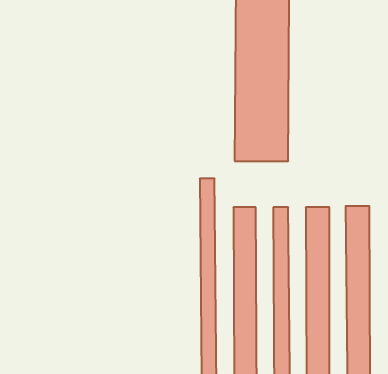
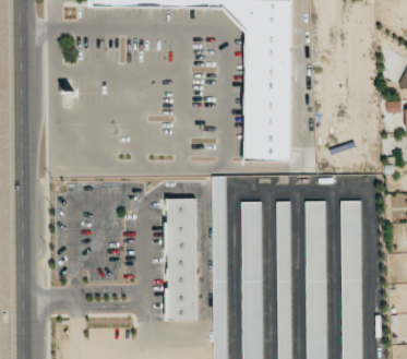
building: none -> [166,199,196,321]

